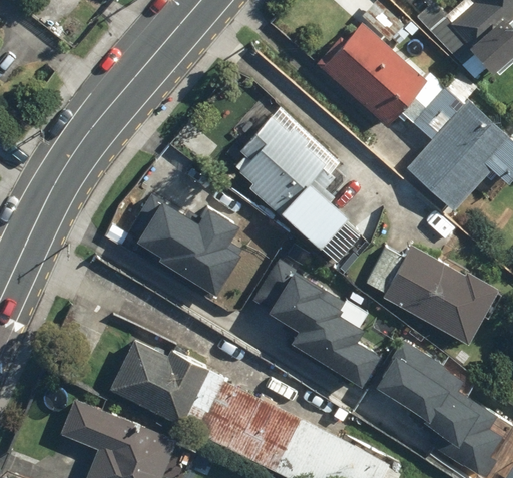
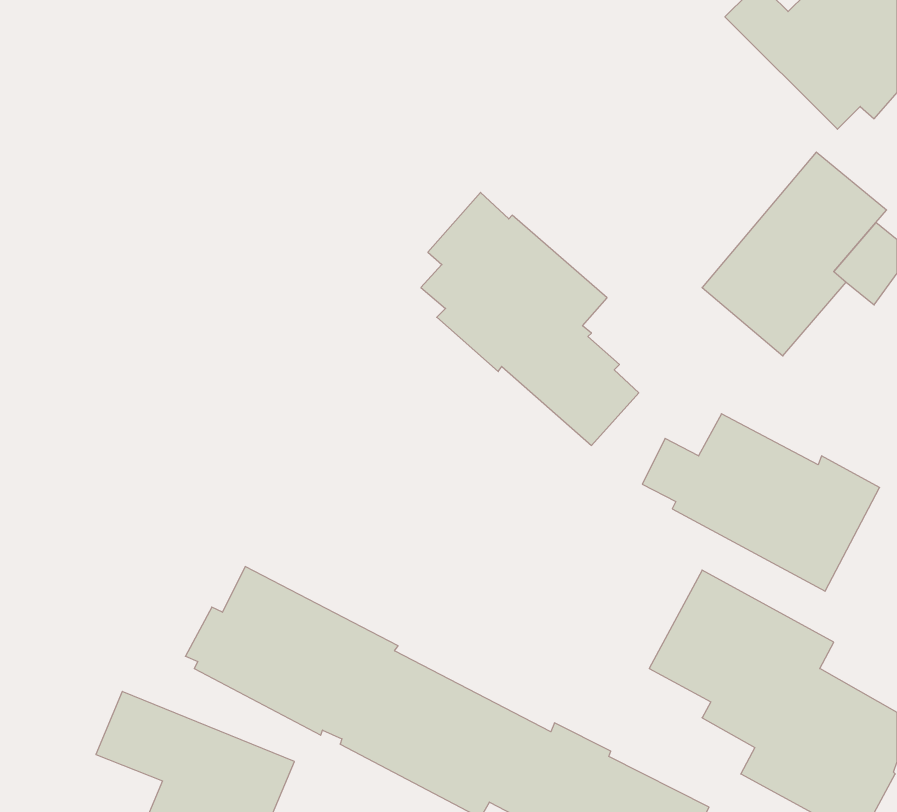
building: [323,23,430,138] -> none
building: [128,191,244,301] -> none
building: [252,257,383,386] -> none

